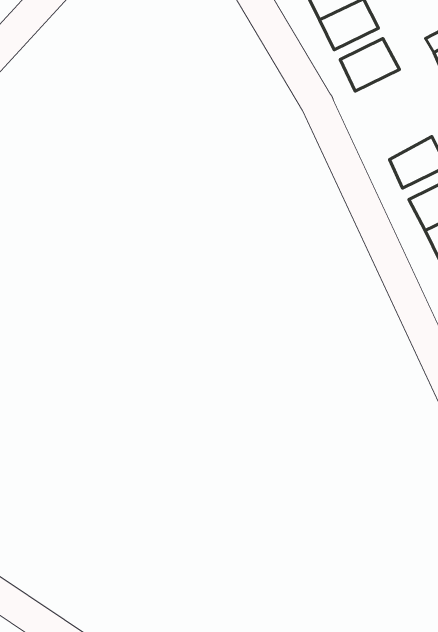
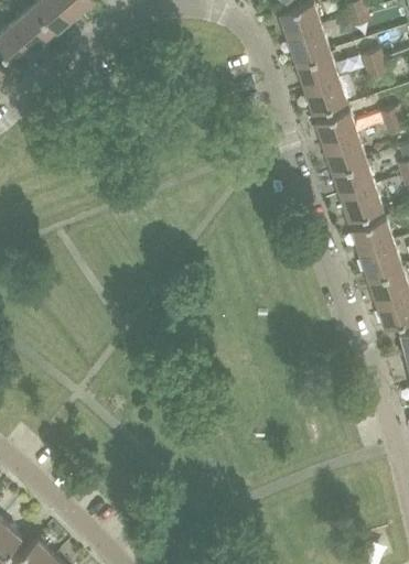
building: none -> [322,132,364,167]
building: none -> [332,161,373,196]

